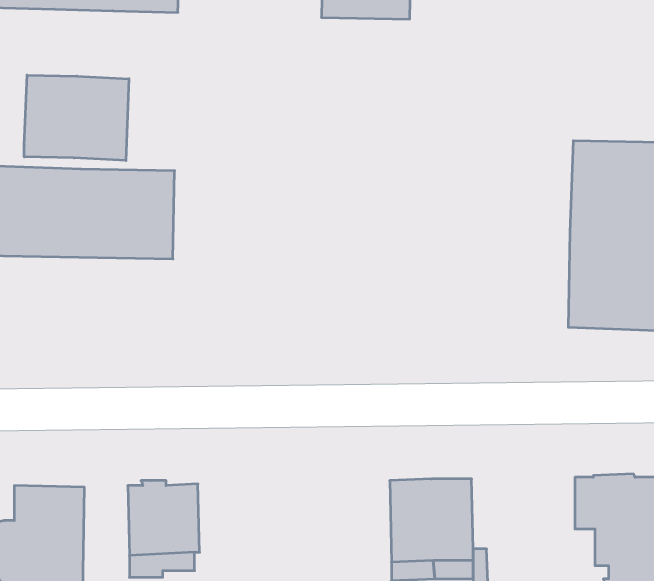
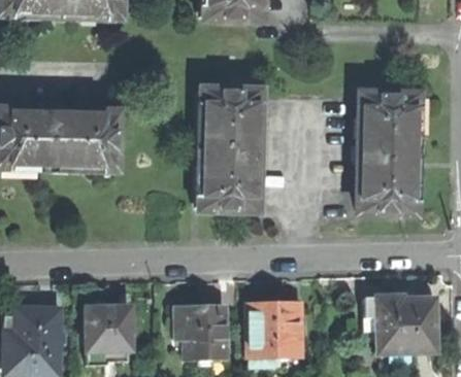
building: [24,75,129,161] -> none
building: none -> [202,89,260,206]
building: none -> [177,303,228,357]

